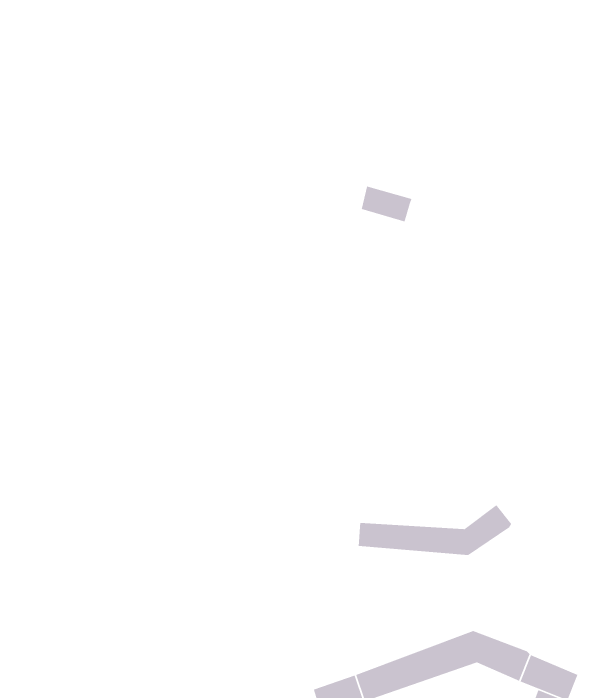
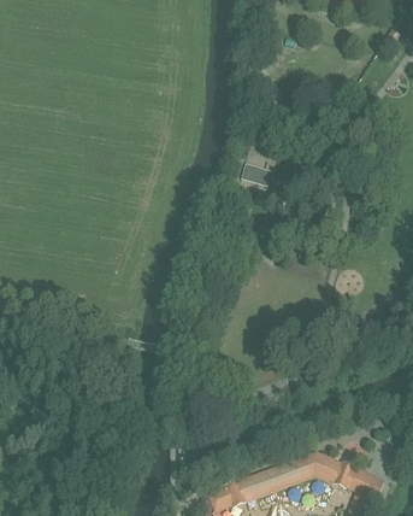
building: [358,504,512,556] -> none

